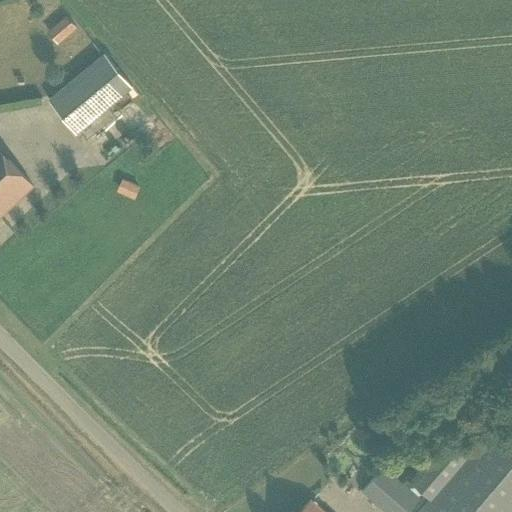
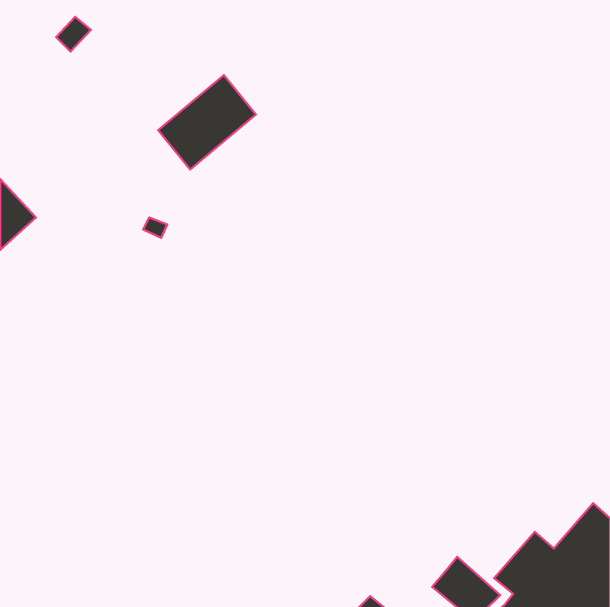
building: [49,57,131,136] -> [158,75,256,169]

